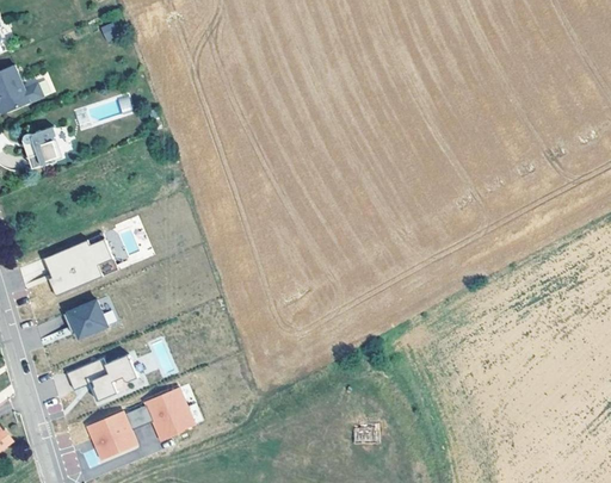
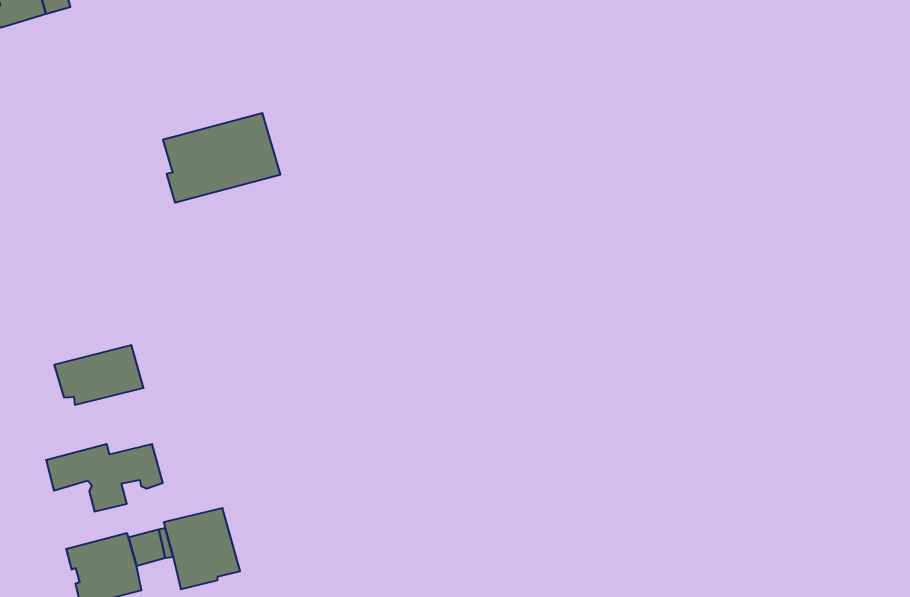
building: [24,128,64,169] -> none
building: [43,235,117,296] -> [163,113,280,202]

